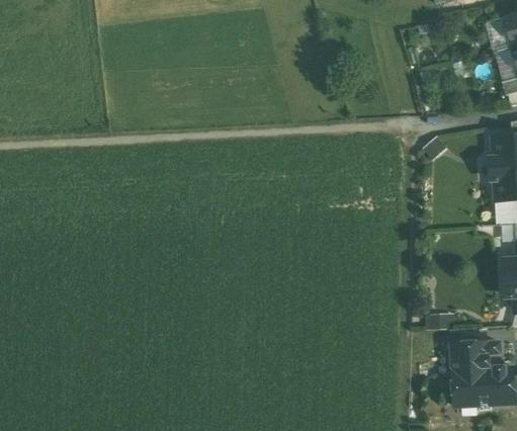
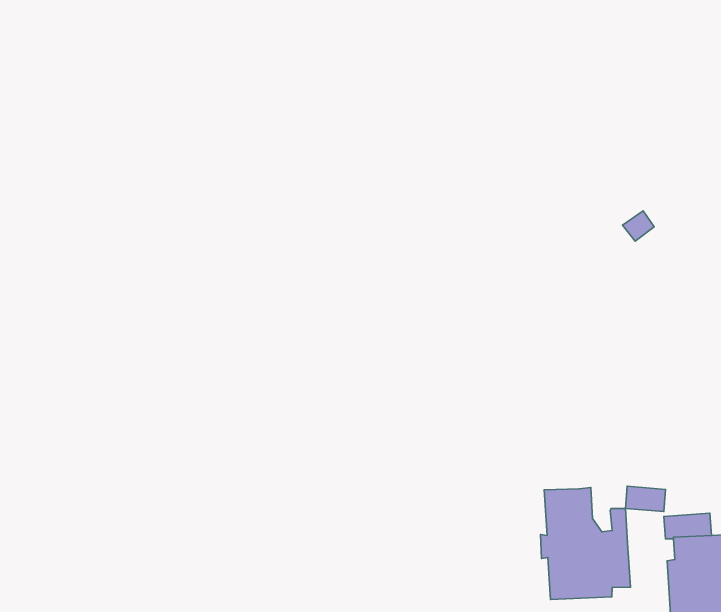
building: none -> [540,487,630,600]

